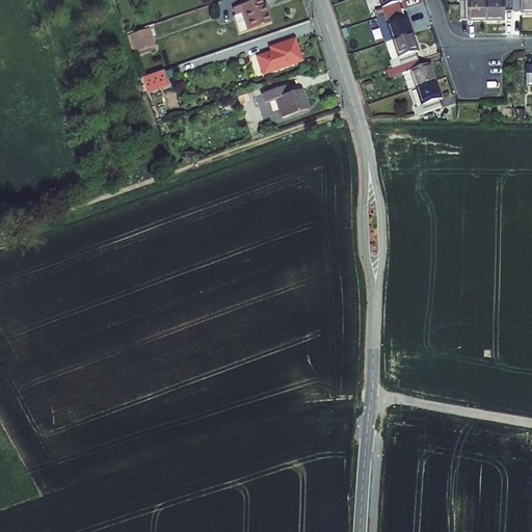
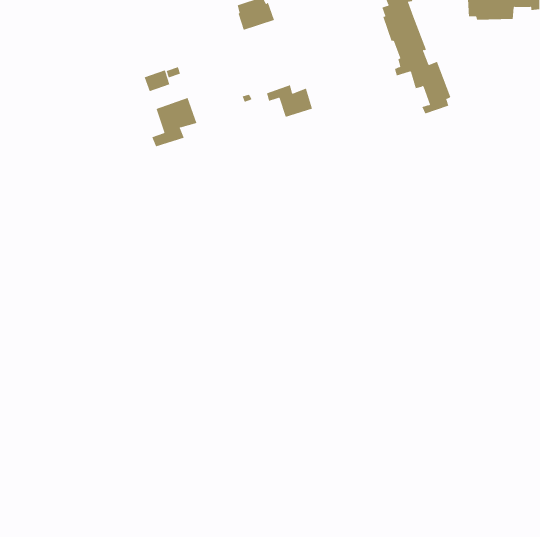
building: [127,26,154,51] -> none
building: [256,36,300,72] -> none
building: none -> [152,97,197,147]

